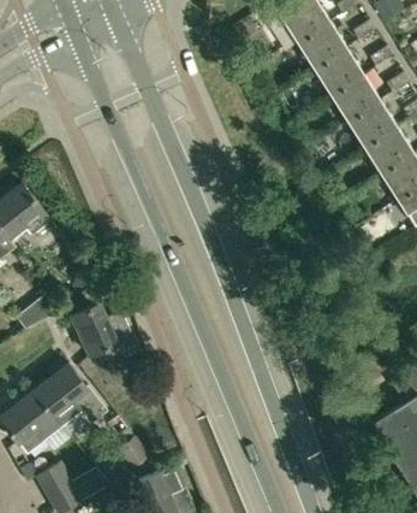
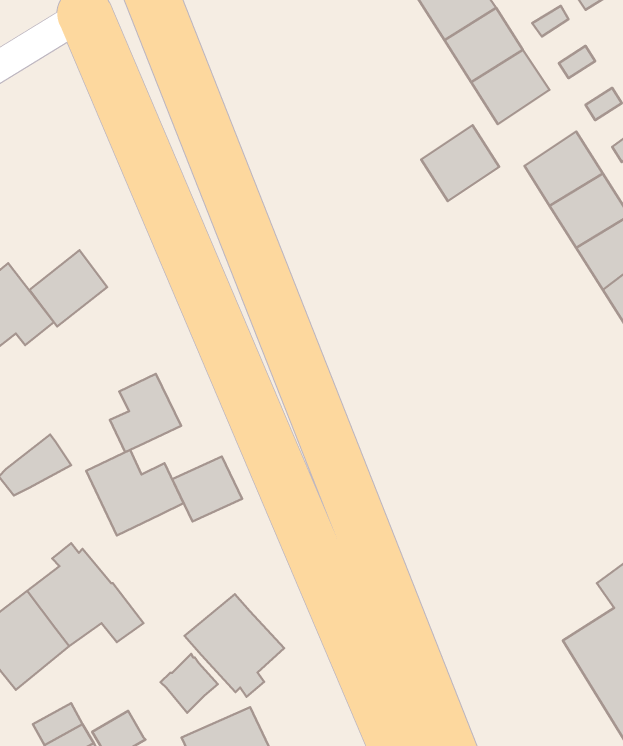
building: [330,73,380,122] -> [421,125,499,201]
building: none -> [29,250,107,327]
building: none -> [110,374,181,452]
building: none -> [172,456,242,522]
building: none -> [185,594,284,697]

